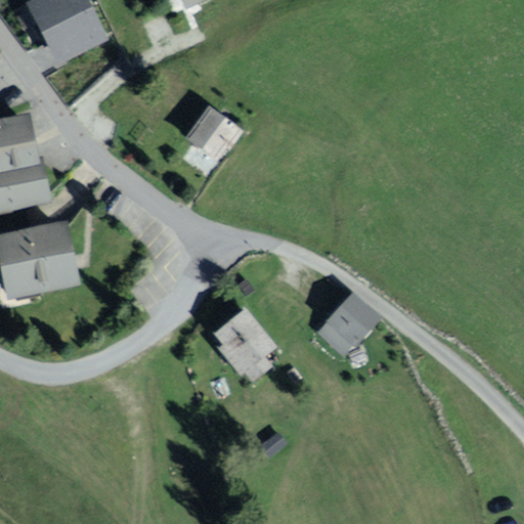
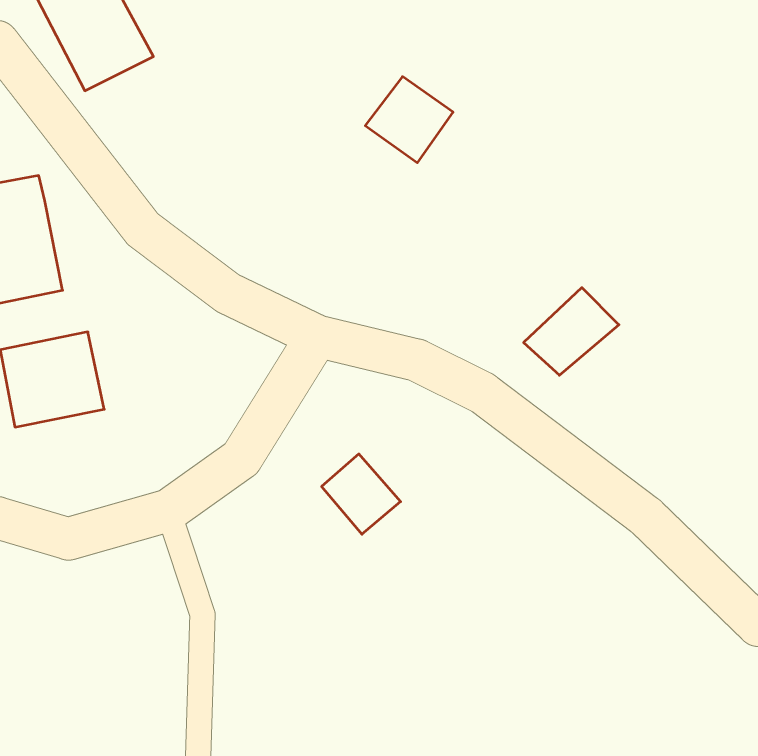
building: [181,103,242,163] -> [365,77,453,163]
building: [316,292,382,352] -> [524,288,619,375]

